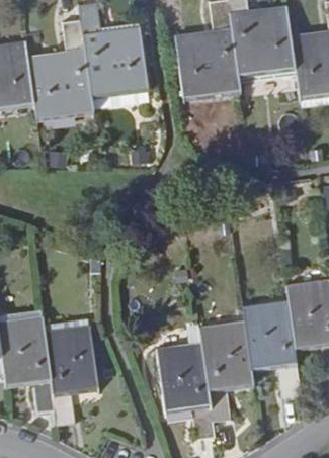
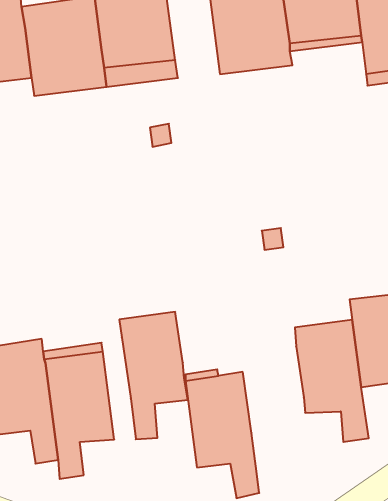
building: [198,318,253,420] -> [119,312,188,439]

